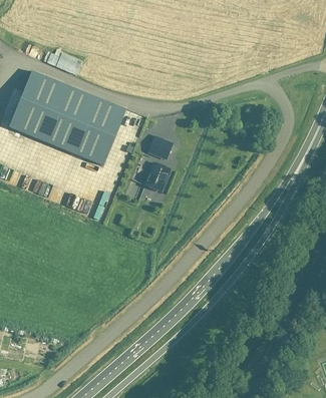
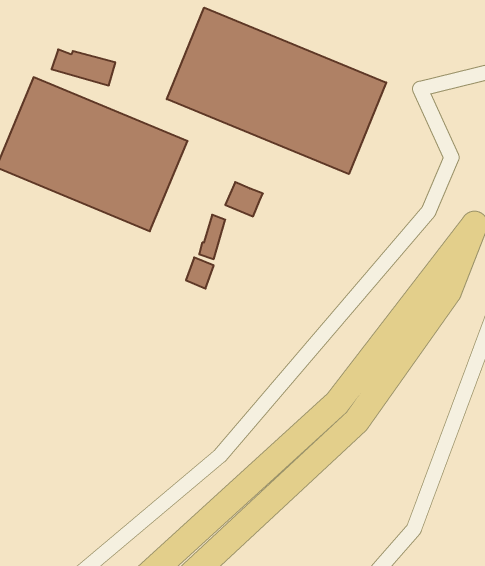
building: none -> [167,8,386,174]
building: [145,162,170,191] -> none

